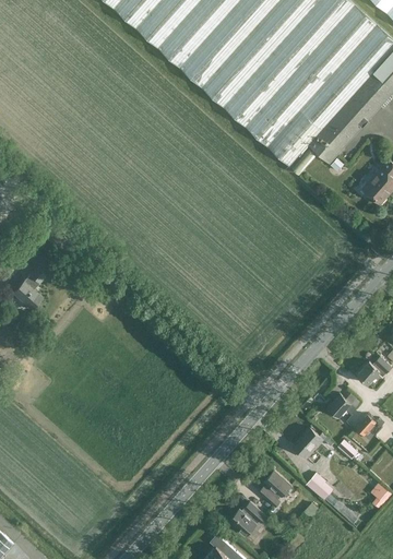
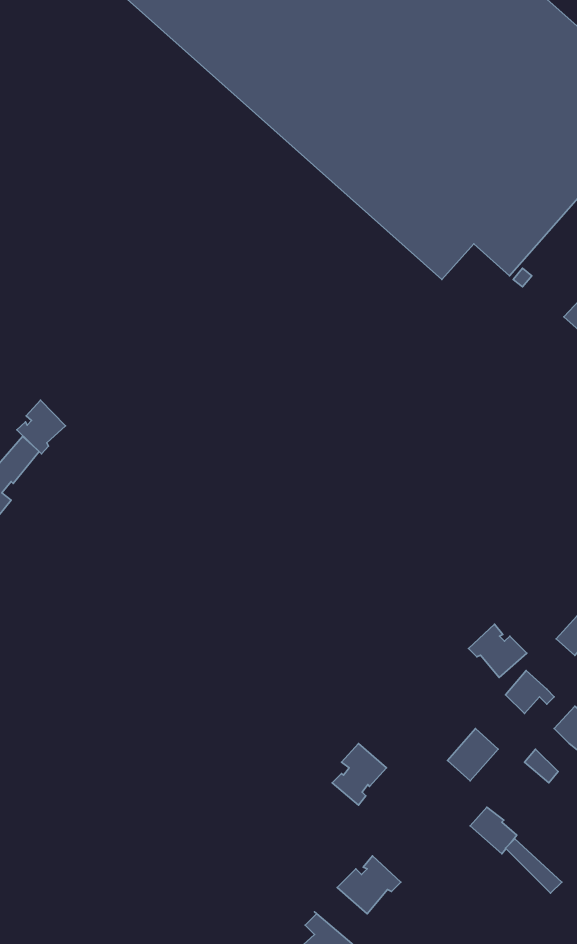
building: none -> [17,400,65,454]
building: none -> [468,624,527,677]
building: [258,469,289,506] -> [332,743,387,805]

